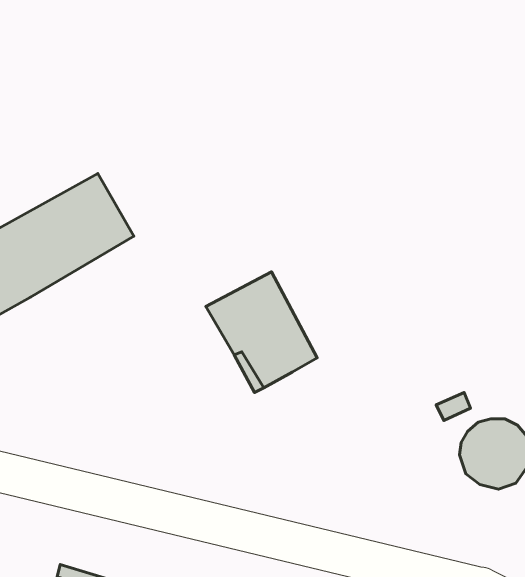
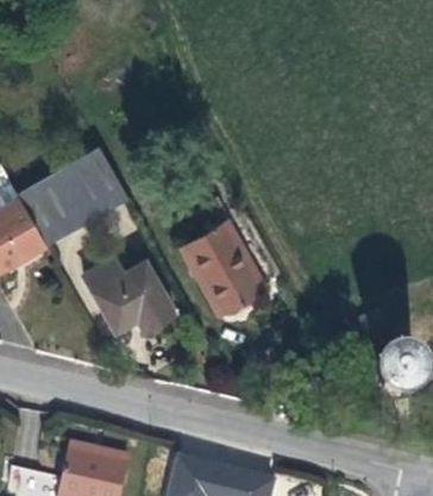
building: none -> [86,255,176,326]

